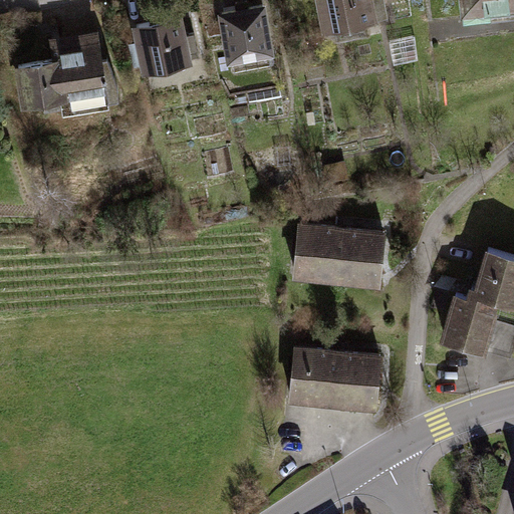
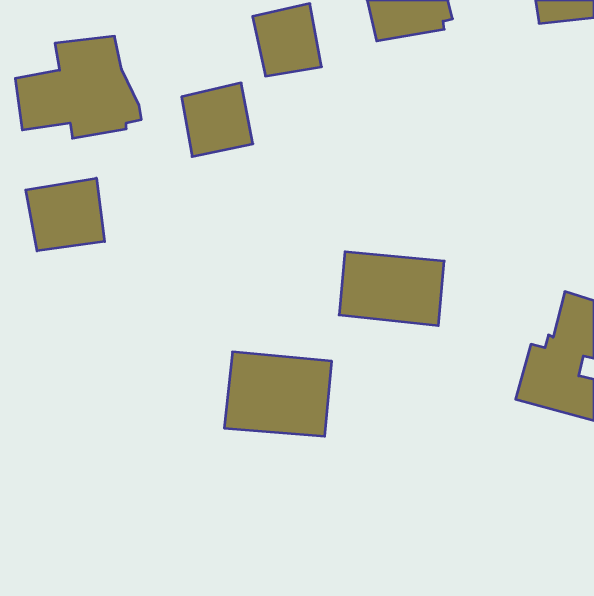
building: [131,16,192,79] -> [182,83,253,157]
building: none -> [26,178,105,251]
building: [288,340,380,413] -> [224,352,332,436]

